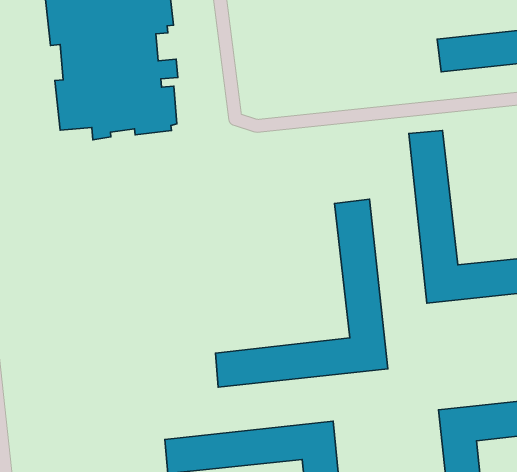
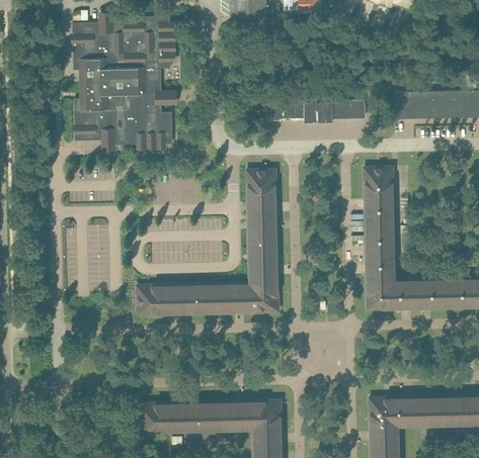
building: none -> [271,98,366,122]
building: [215,199,388,387] -> [137,170,278,314]

